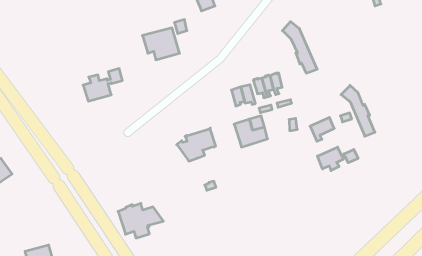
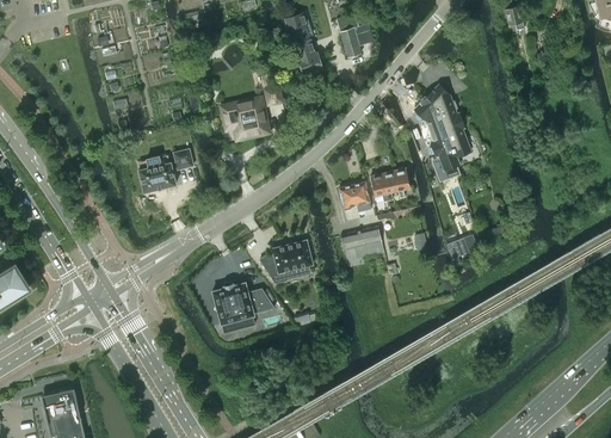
building: [341,85,375,136] -> [426,85,470,156]
building: [317,147,358,171] -> none
building: [118,203,163,238] -> [212,282,274,329]

